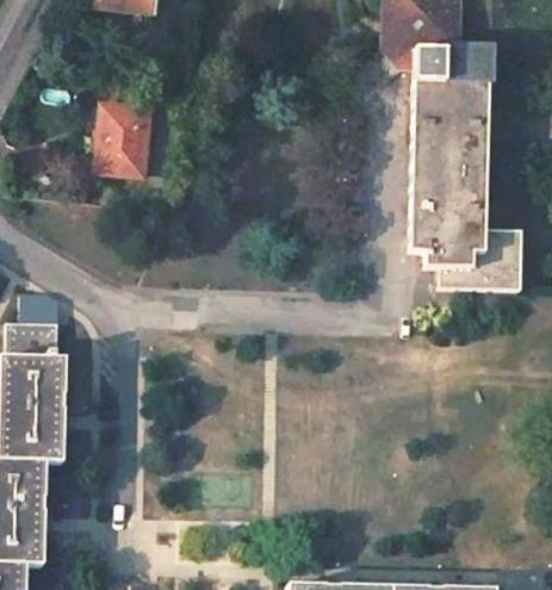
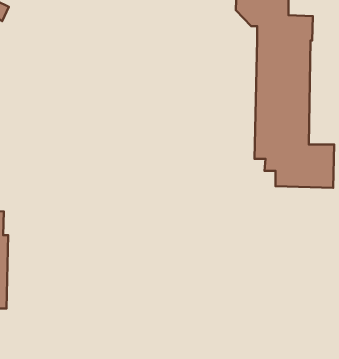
building: [94,104,150,176] -> none

